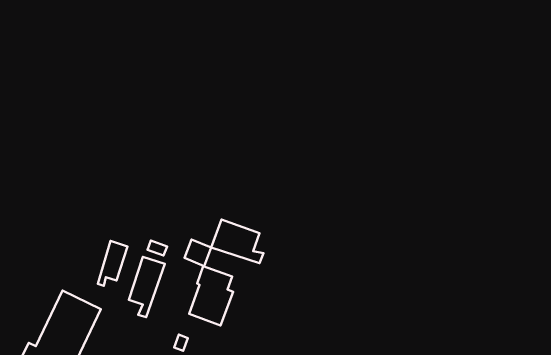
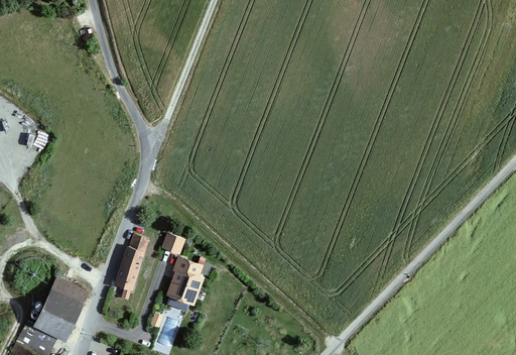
building: [211,219,263,263] -> none
building: [98,241,128,286] -> none

